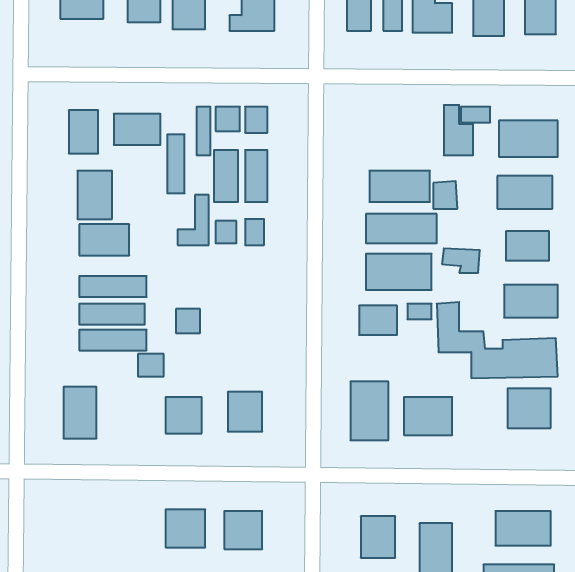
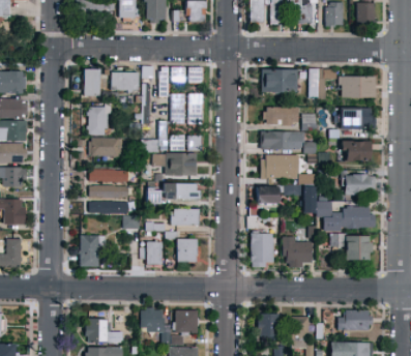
building: none -> [262,69,298,92]
building: none -> [157,153,197,174]
building: none -> [165,183,201,199]
building: none -> [171,208,199,225]
building: none -> [86,318,122,342]

